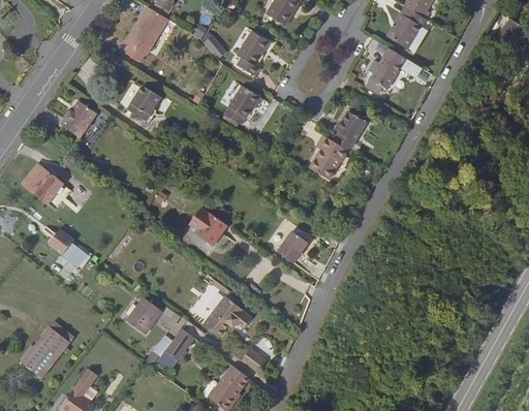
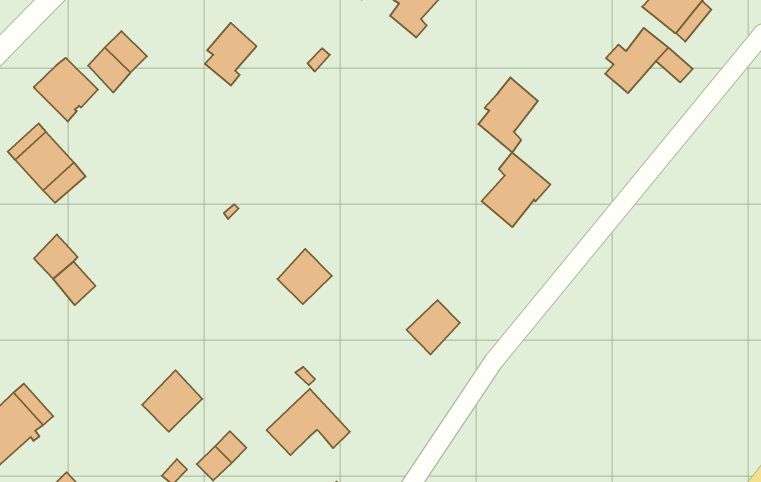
building: [224,86,259,125] -> none
building: [333,110,366,155] -> [478,77,538,152]
building: none -> [34,58,98,122]

